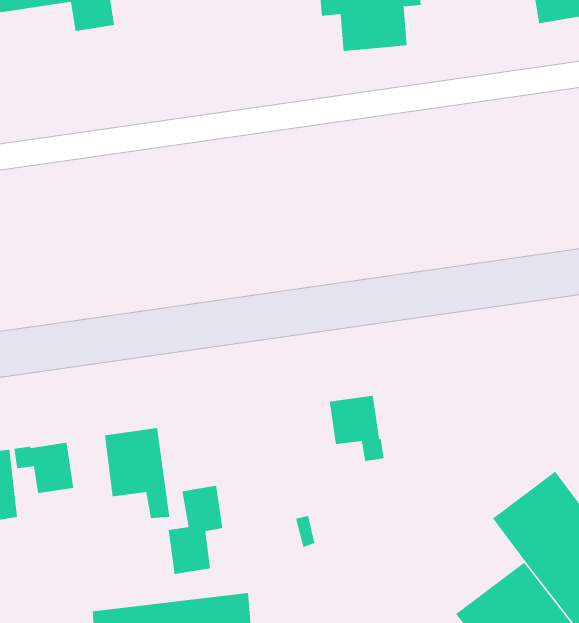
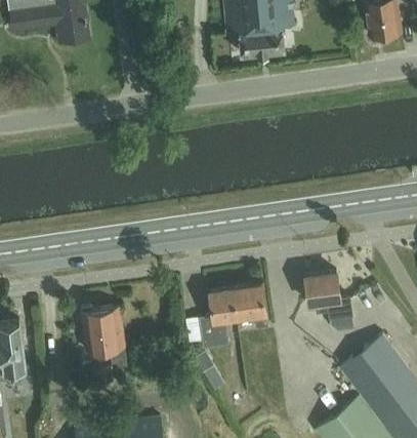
building: none -> [304,273,351,319]
building: [14,442,74,494] -> none
building: [168,485,223,575] -> [199,289,236,349]

